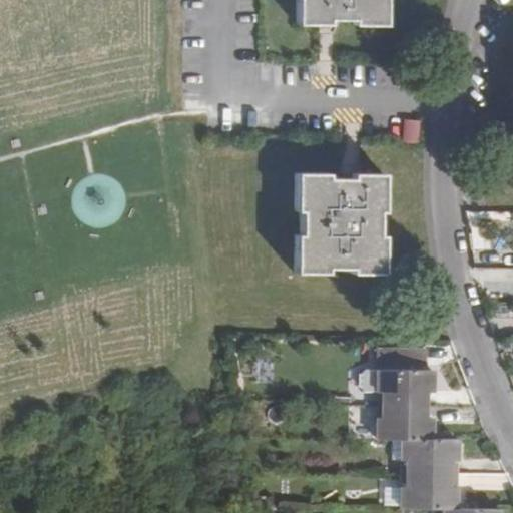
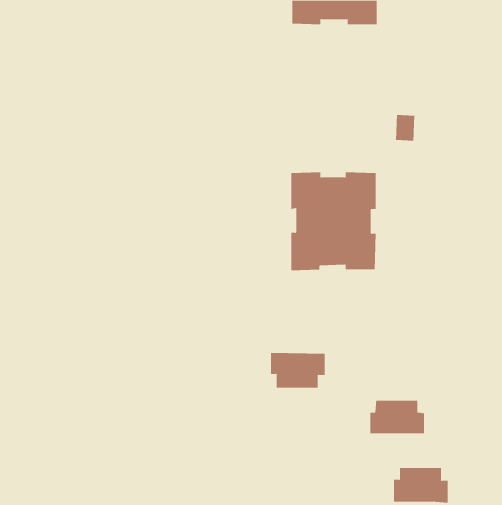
building: [378,370,434,406] -> [270,353,325,388]
building: [402,440,459,474] -> none

